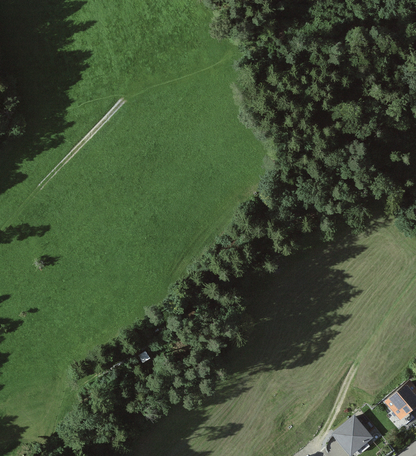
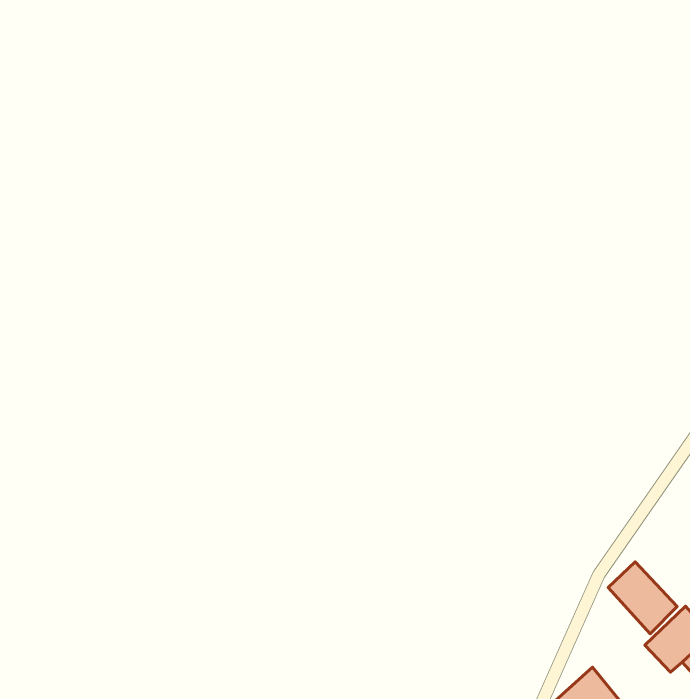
building: none -> [608,562,677,634]

